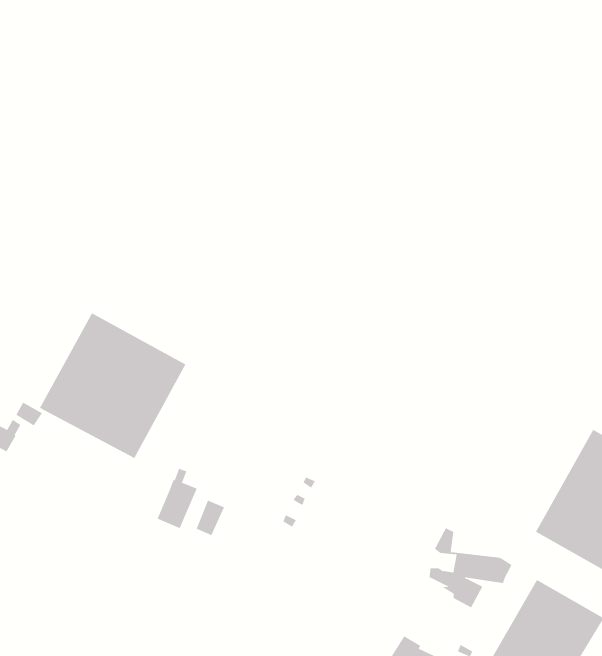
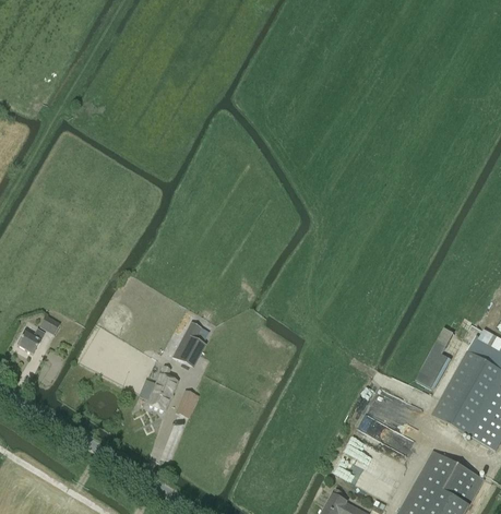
building: [39,312,186,459] -> none
building: none -> [172,322,204,367]
building: none -> [417,348,451,389]

